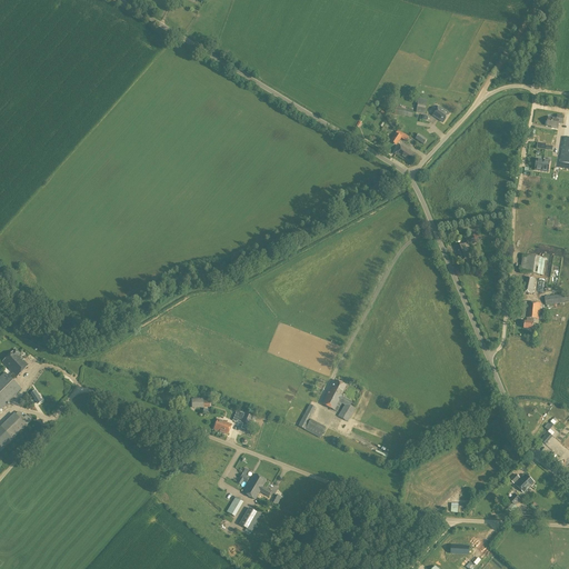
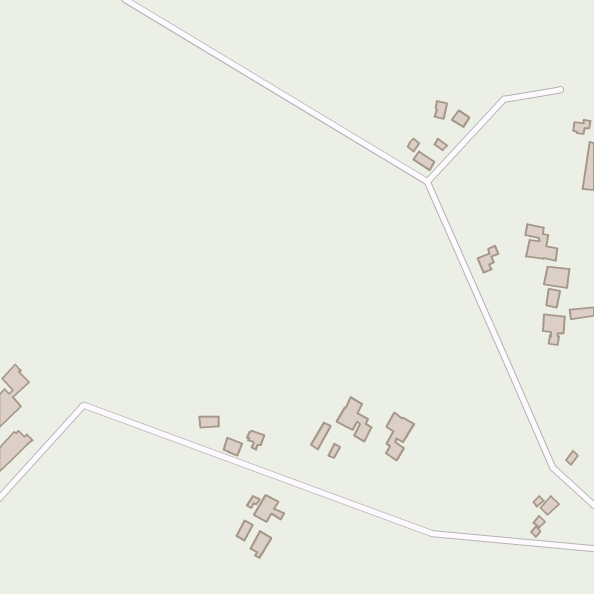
building: none -> [526,224,557,261]
building: none -> [386,413,414,460]

